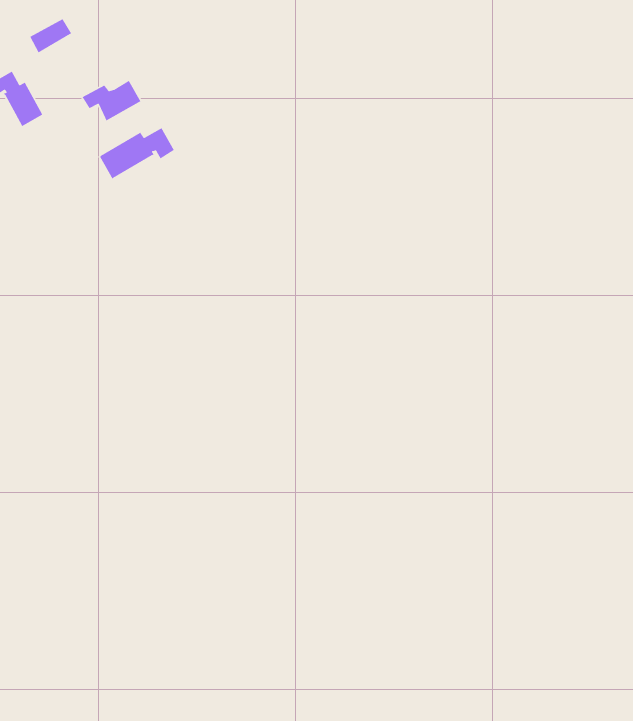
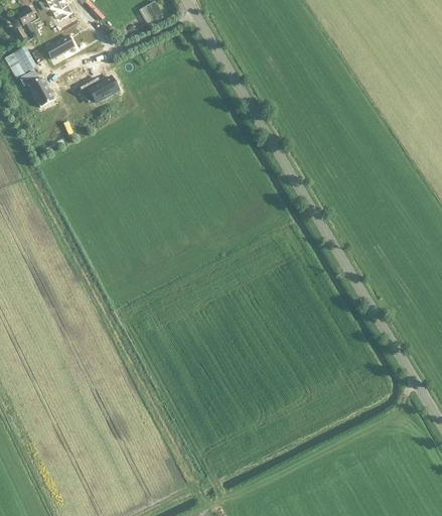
building: [99,127,175,180] -> none

